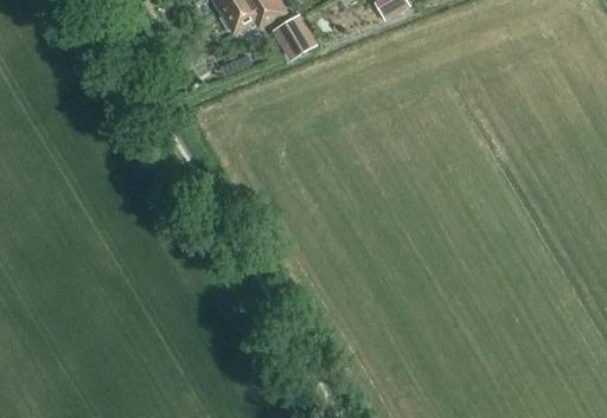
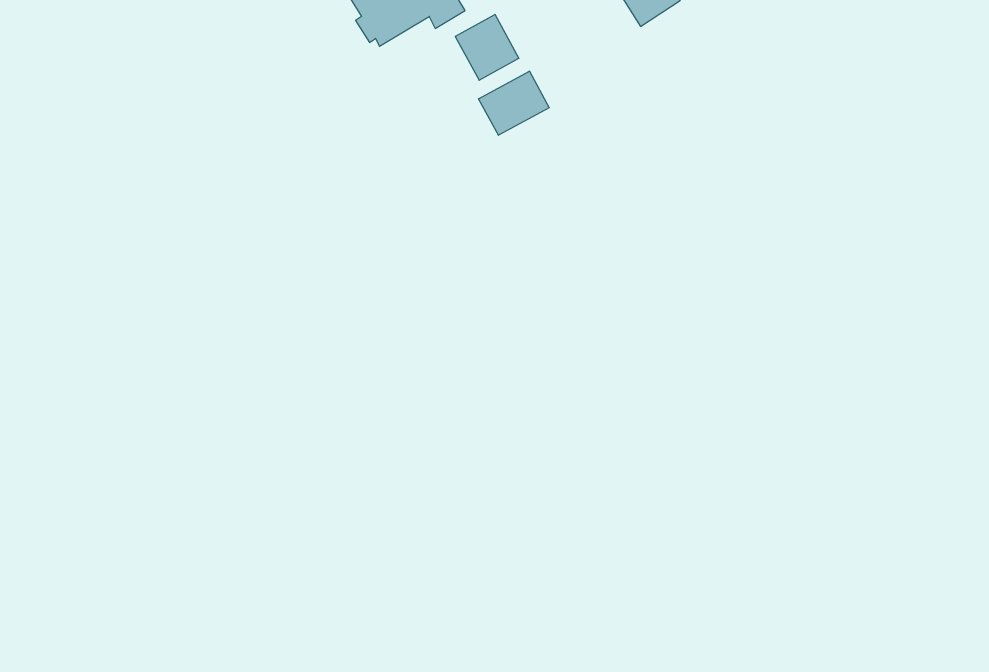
building: none -> [478,71,549,135]

